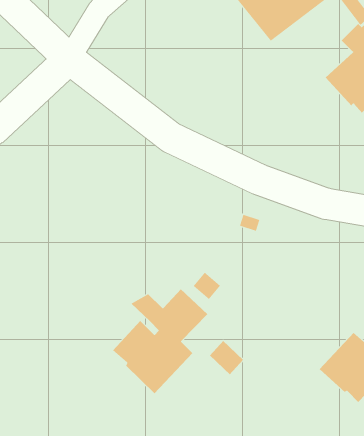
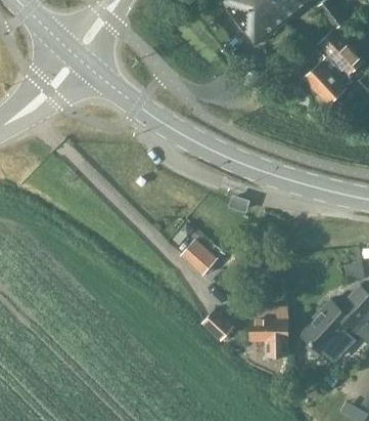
building: [112,289,208,394] -> none
building: none -> [250,306,289,356]

